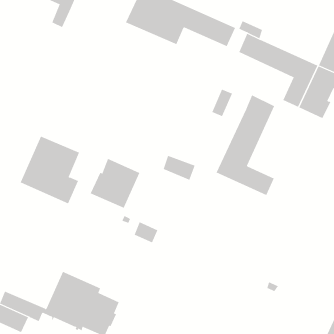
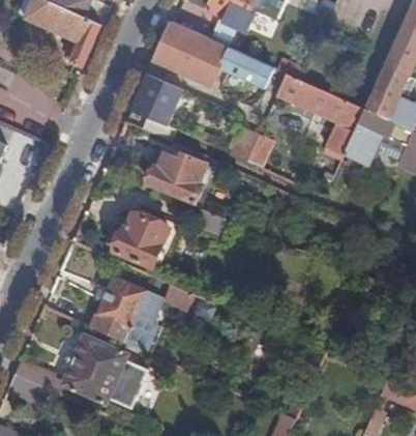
building: none -> [129,74,183,126]
building: [216,95,275,196] -> none
building: none -> [146,152,207,201]
building: [20,136,80,204] -> [89,275,155,351]

